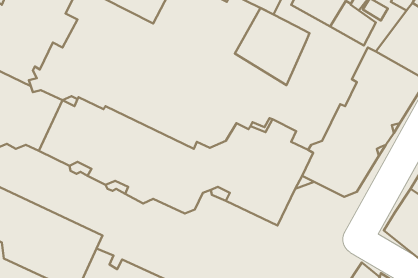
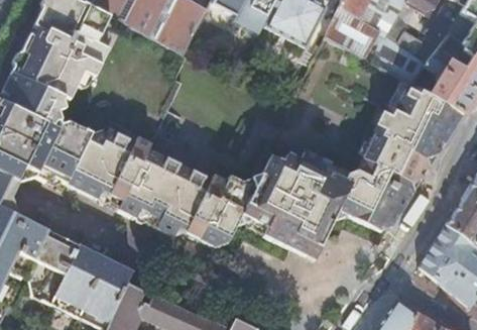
building: [235,8,309,85] -> none

